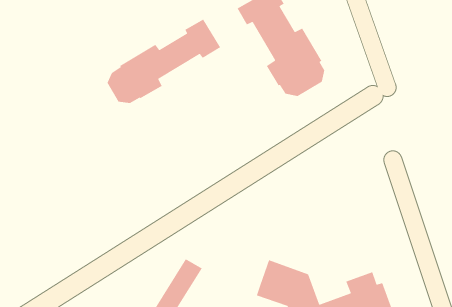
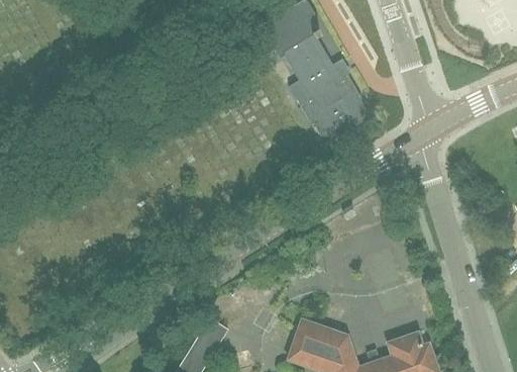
building: [106,18,221,104] -> none

